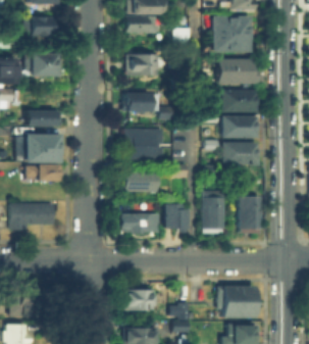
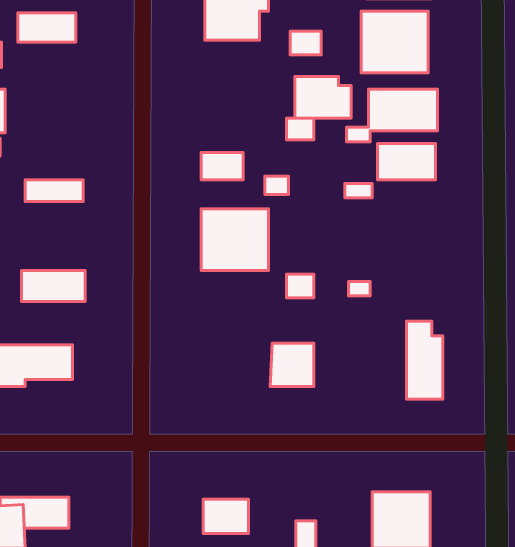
building: [22,46,58,75] -> none
building: [128,51,160,75] -> [295,76,351,118]
building: [225,117,258,139] -> none
building: [23,134,61,161] -> none
building: [223,144,259,165] -> none
building: [125,171,158,192] -> none
building: [204,192,224,234] -> none
building: [124,215,160,234] -> none

